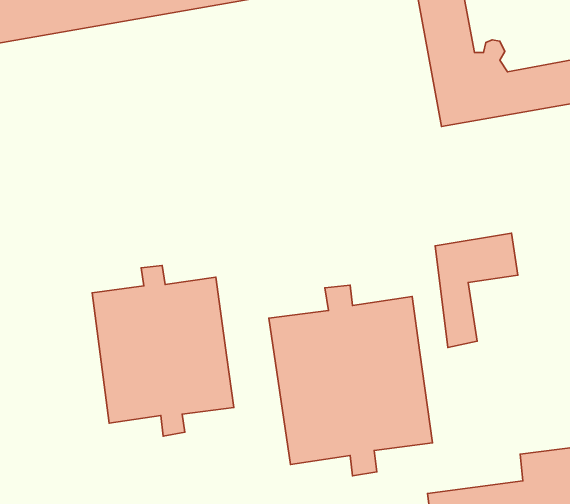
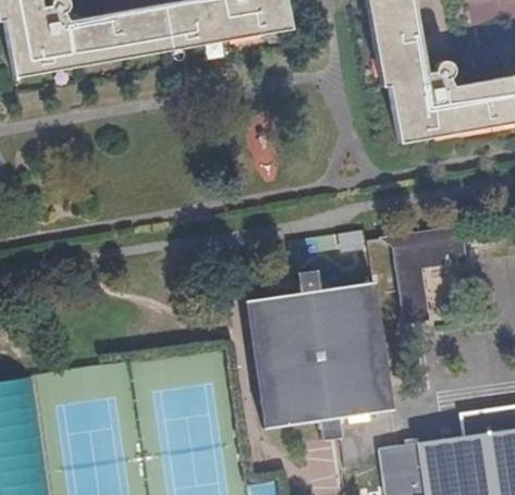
building: [92,265,234,436] -> none

